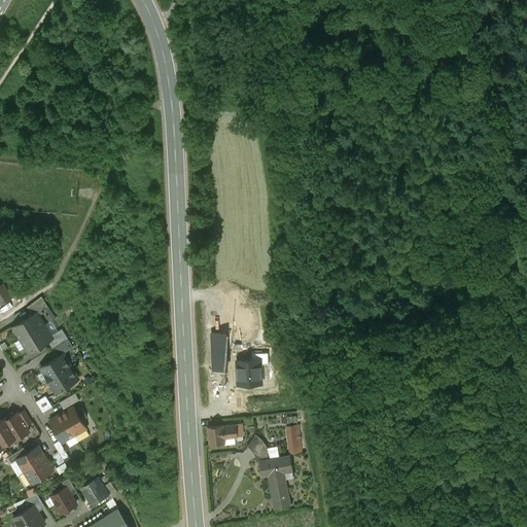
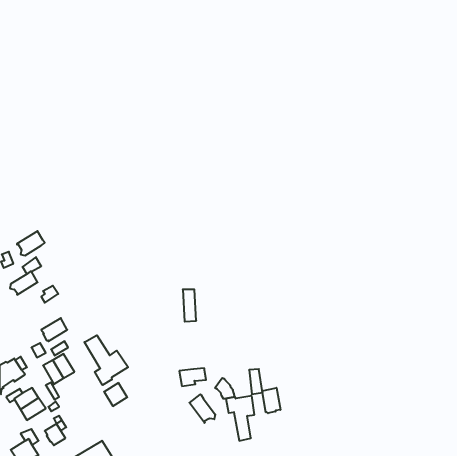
building: [20,326,51,354] -> [17,231,45,255]
building: [40,355,70,381] -> none
building: [236,361,260,385] -> none
building: none -> [84,335,128,385]
building: none -> [262,388,280,413]
building: none -> [189,394,215,423]
building: [80,479,107,505] -> [104,383,127,406]

